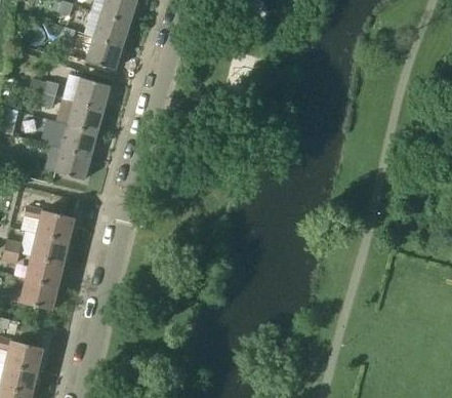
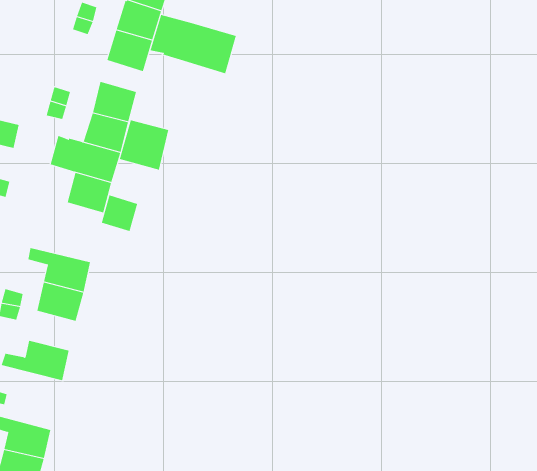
building: none -> [150,14,236,74]
building: none -> [119,119,169,170]
building: none -> [101,195,138,232]
building: [26,255,63,286] -> none

